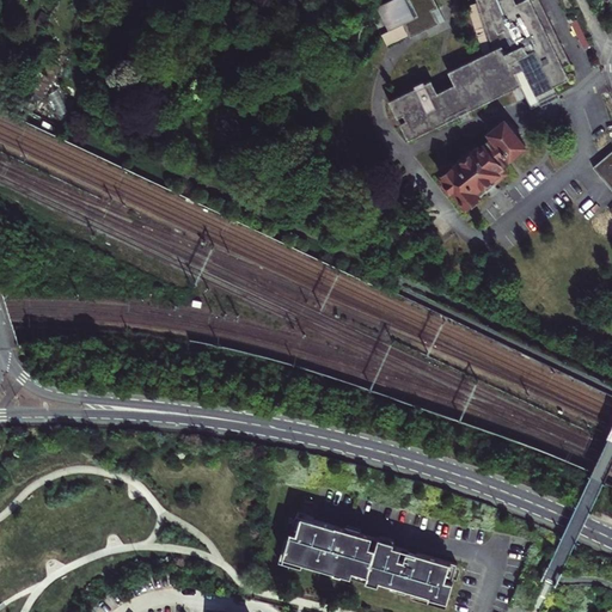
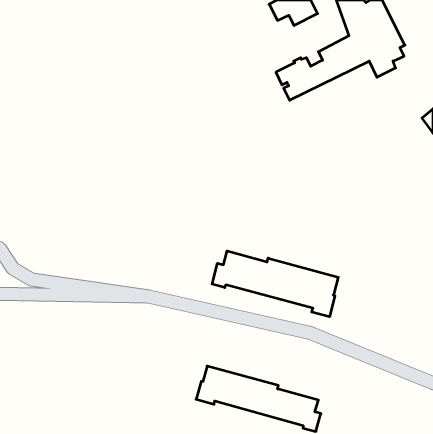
building: [440,121,525,207] -> none
building: none -> [212,251,338,317]

